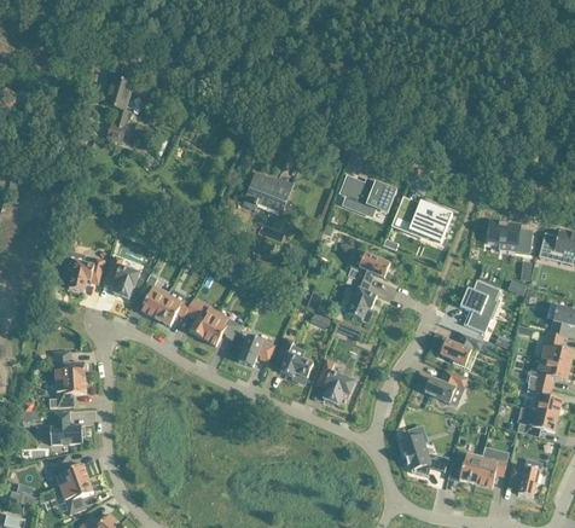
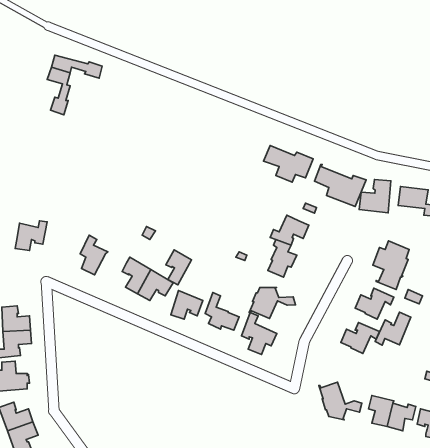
building: [243,173,294,211] -> none
building: none -> [359,180,391,213]
building: [106,255,140,297] -> none
building: none -> [166,250,191,285]
building: [156,294,191,325] -> none
building: none -> [249,287,296,318]
building: none -> [375,312,411,345]

